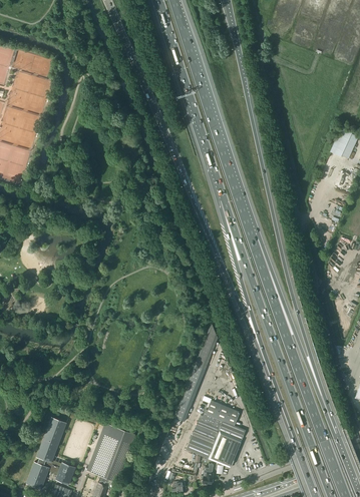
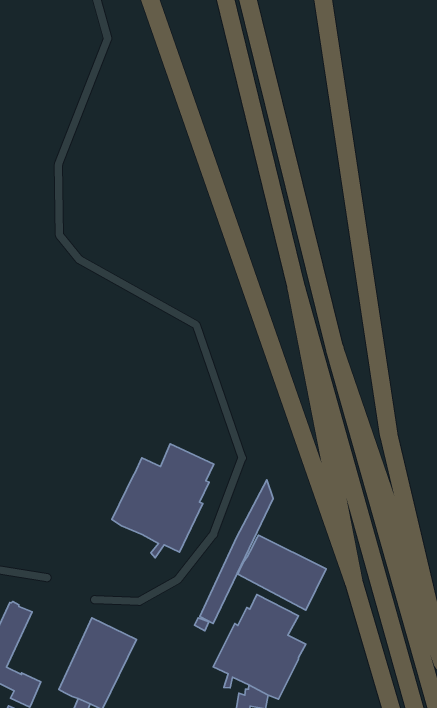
building: none -> [112,444,214,558]
building: none -> [238,535,326,610]

